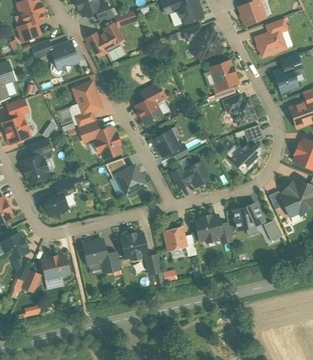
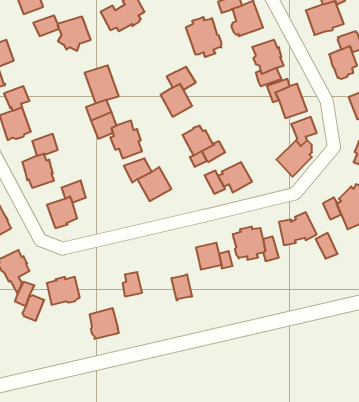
building: none -> [186,17,221,57]
building: [119,232,147,262] -> none
building: [83,240,107,265] -> [90,308,119,339]

